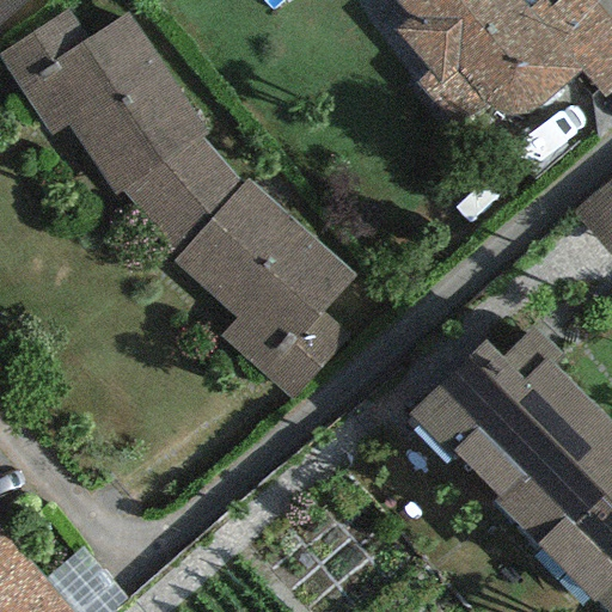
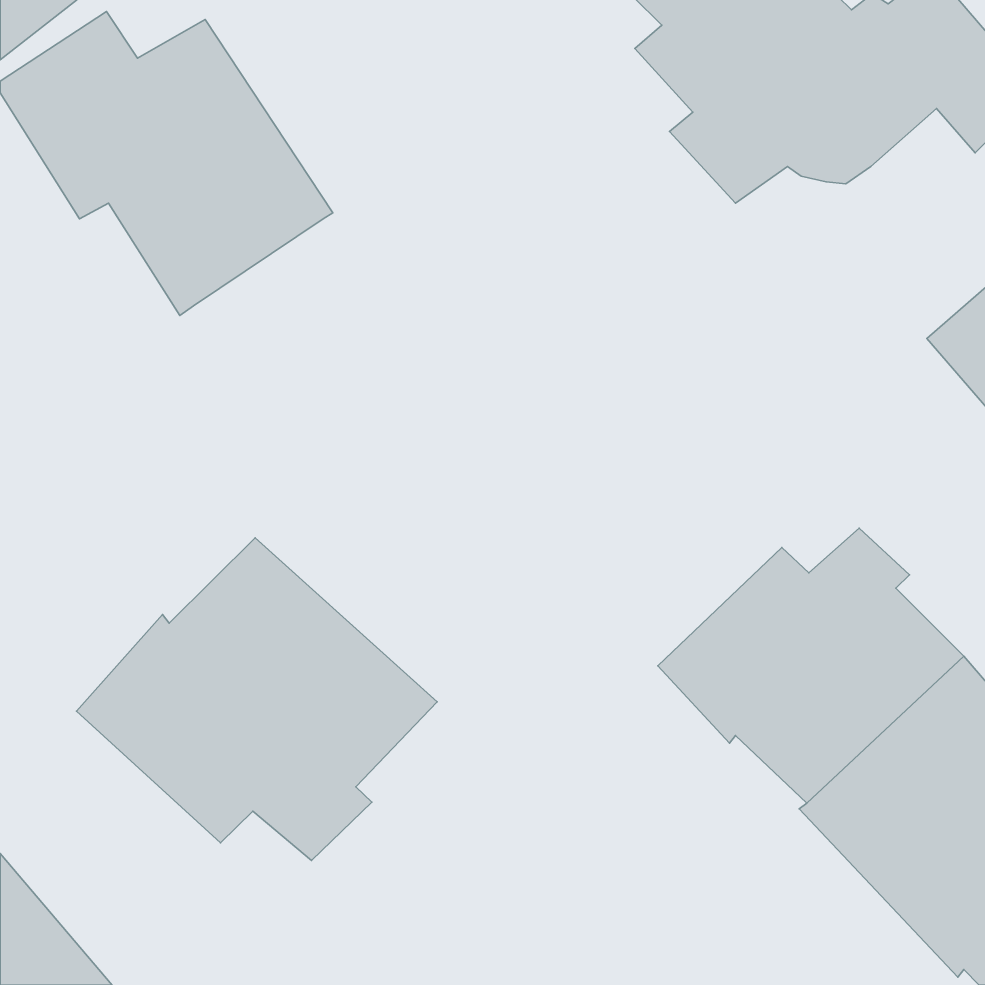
building: [122,135,357,398] -> none
building: none -> [77,538,437,861]

